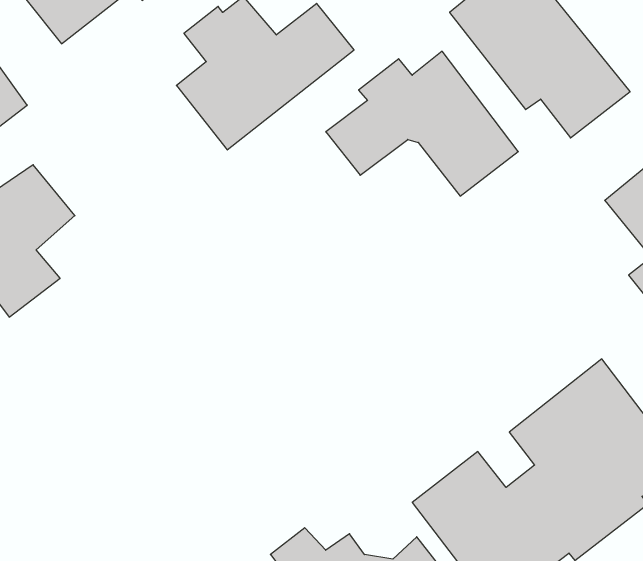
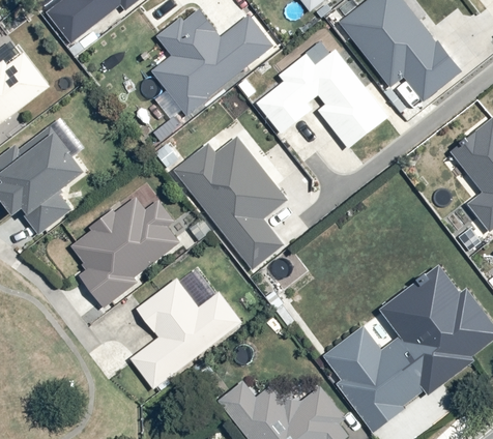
building: none -> [173,137,288,270]
building: none -> [68,197,177,305]
building: none -> [128,277,242,386]

